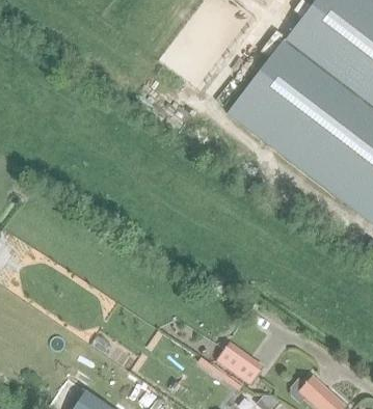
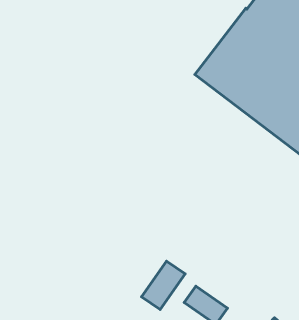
building: none -> [142,261,185,310]

